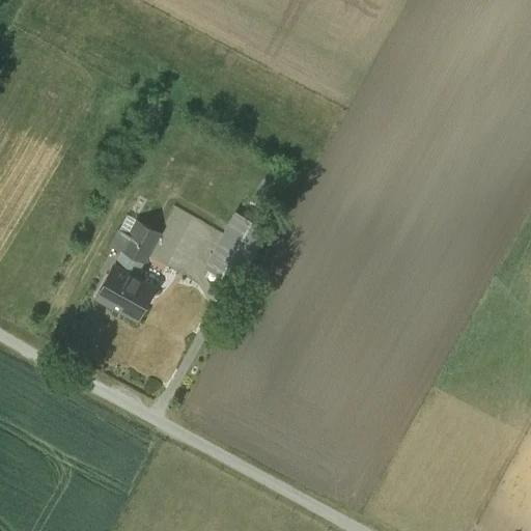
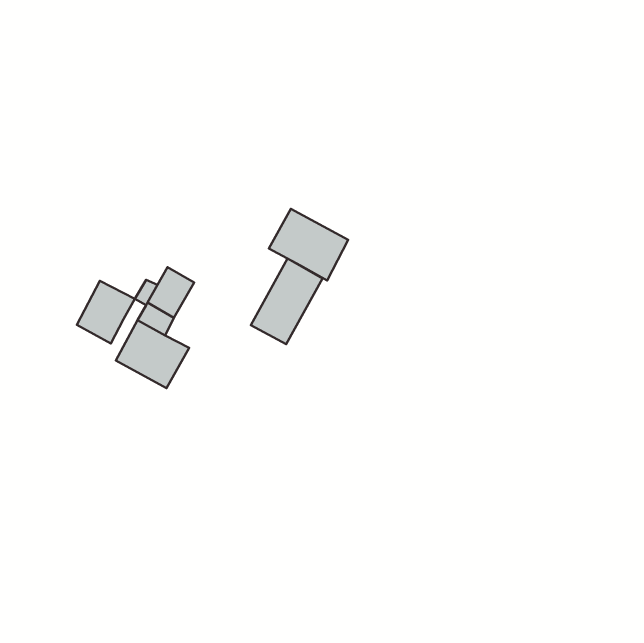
building: none -> [269,209,348,280]
building: none -> [77,281,135,343]

